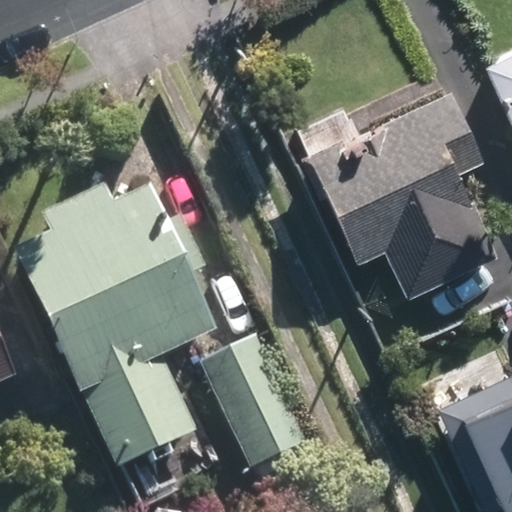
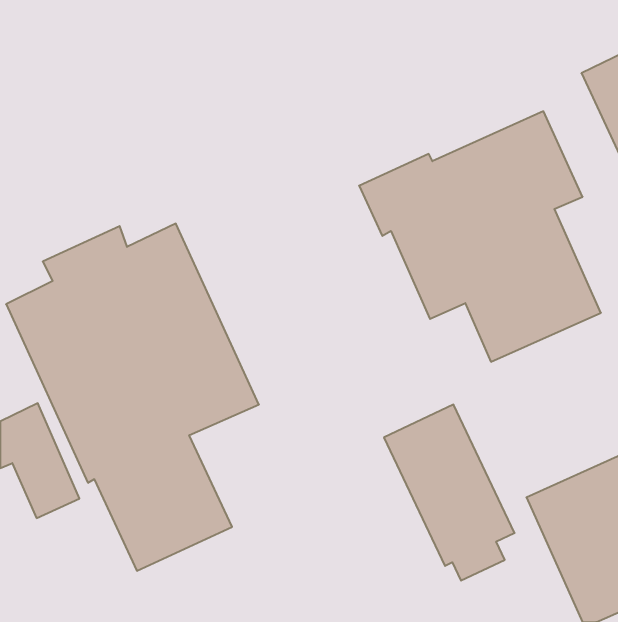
building: [202,340,309,484] -> [384,405,515,581]

